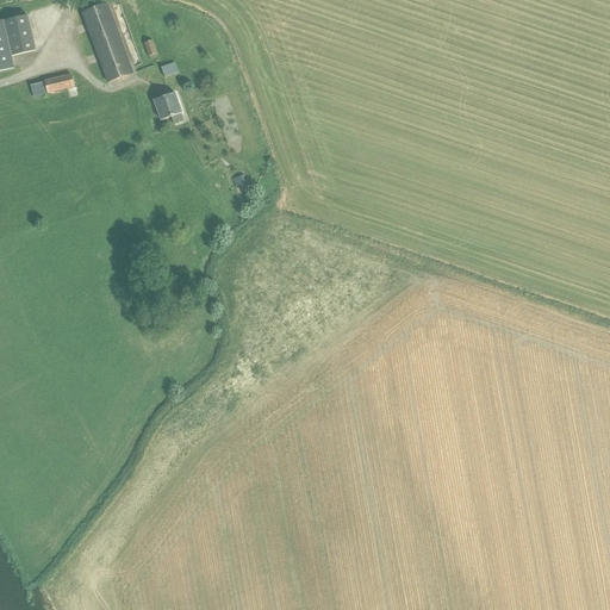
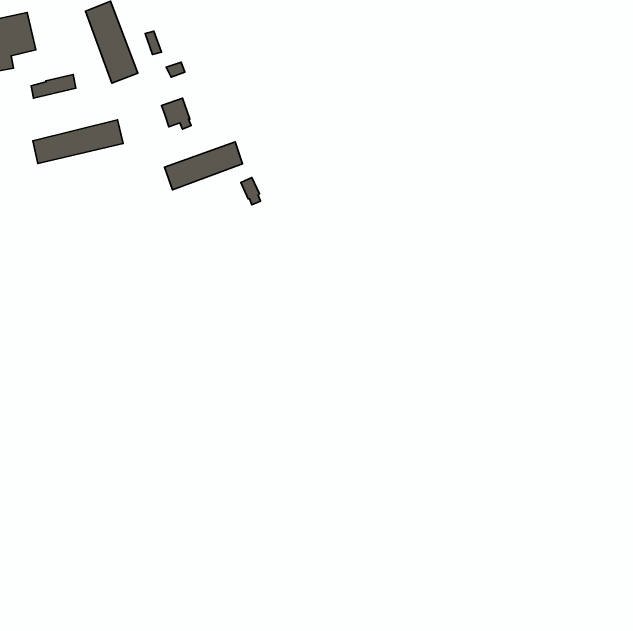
building: none -> [33,120,123,164]
building: none -> [164,142,243,190]

